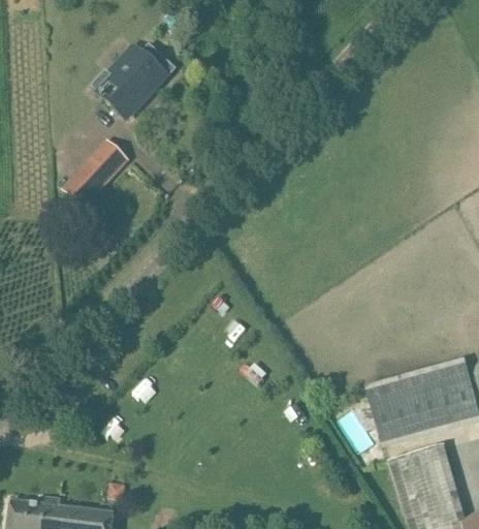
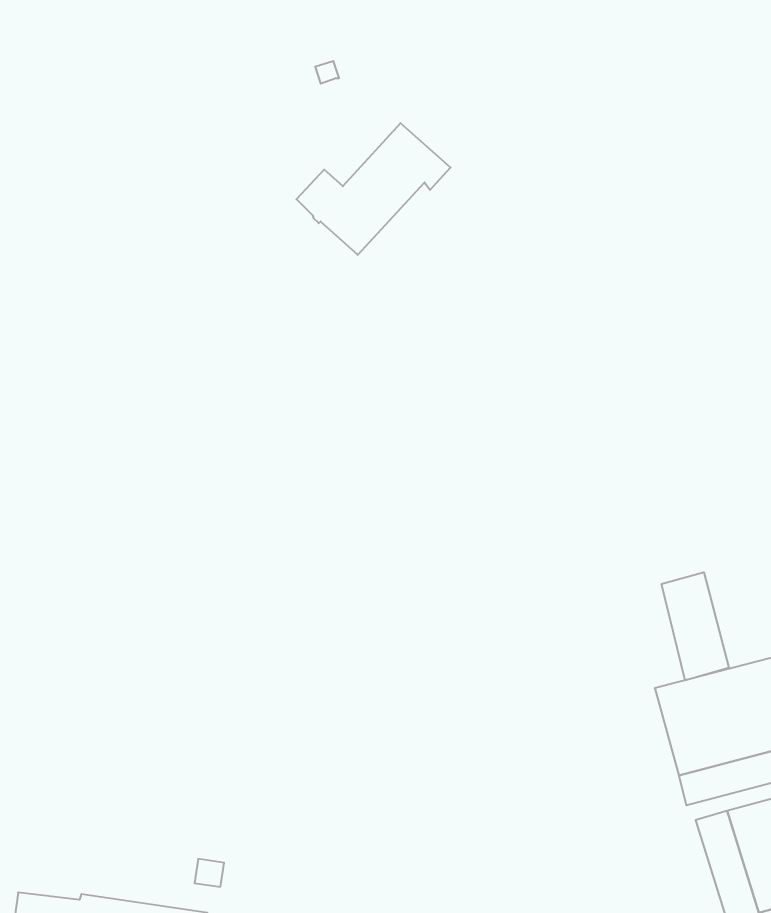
building: [91,42,177,116] -> [296,123,451,255]
building: [64,141,126,206] -> none
building: none -> [662,572,729,680]

